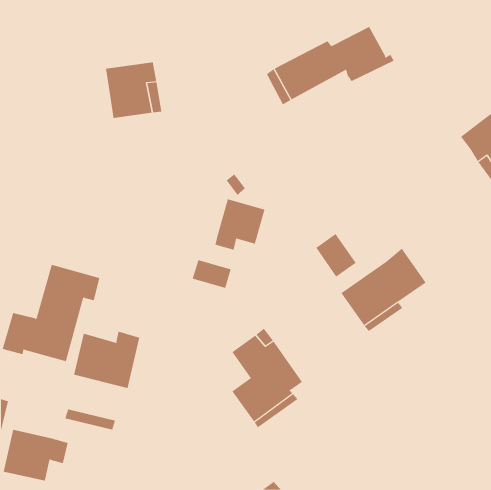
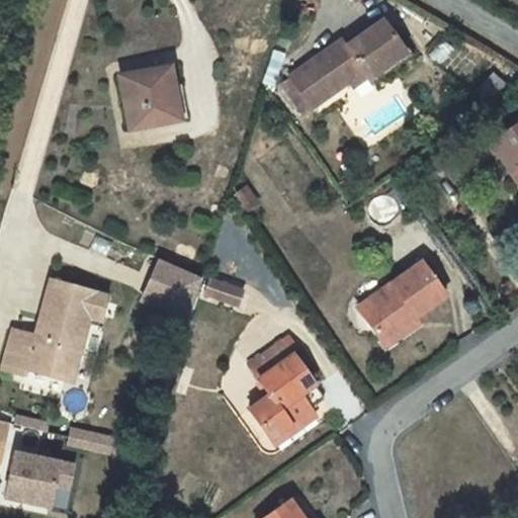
building: [215,198,265,251] -> none
building: [315,233,356,277] -> none
building: none -> [146,258,203,314]
building: [73,331,140,389] -> none

